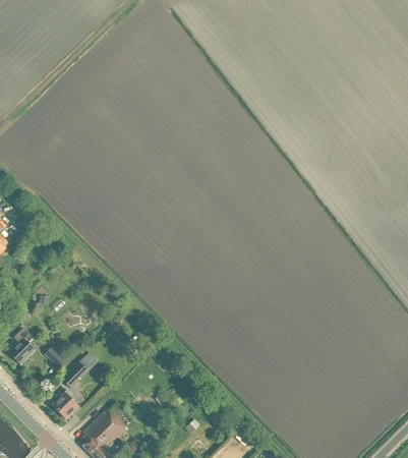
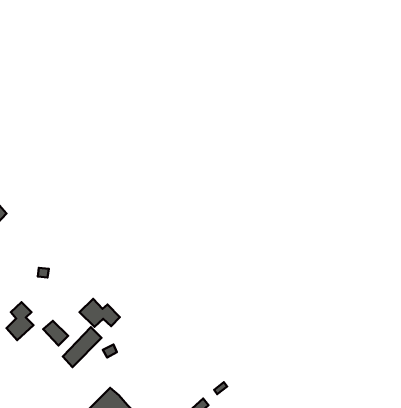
building: none -> [80,299,120,327]
building: [51,388,80,417] -> none

